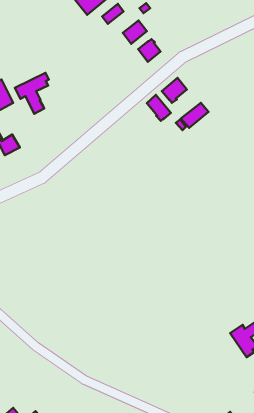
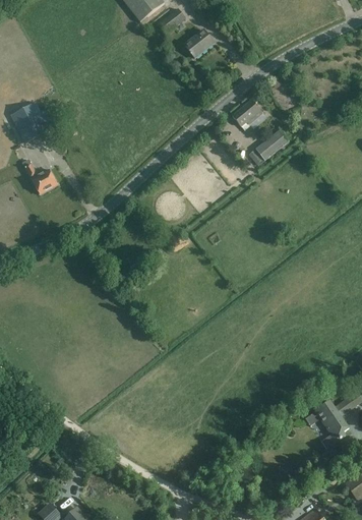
building: [138,39,160,62] -> none
building: [15,73,49,114] -> none
building: [147,95,171,121] -> none

